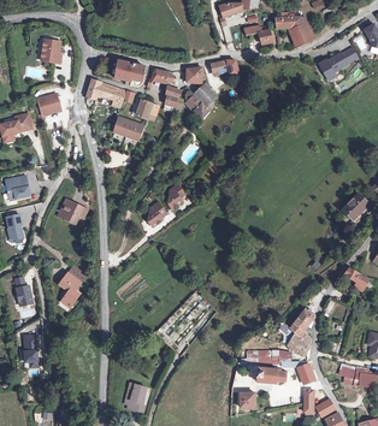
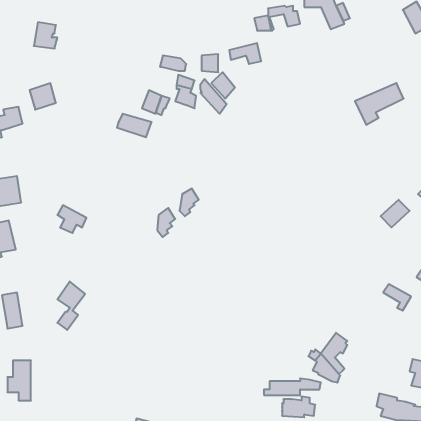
building: [317,46,359,82] -> [355,83,404,125]
building: [116,60,144,85] -> none
building: [87,79,134,107] -> none

